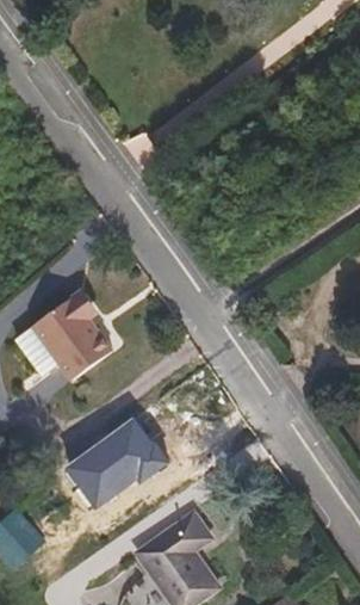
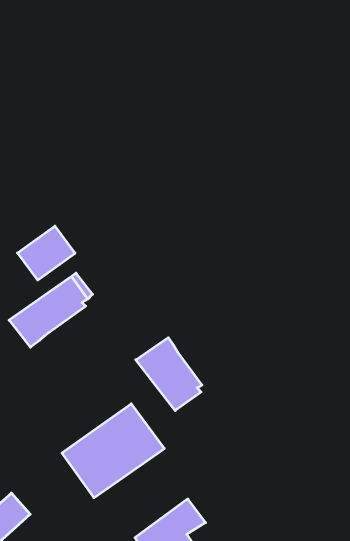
building: [50,320,108,375] -> [17,226,75,280]
building: none -> [136,338,202,411]

